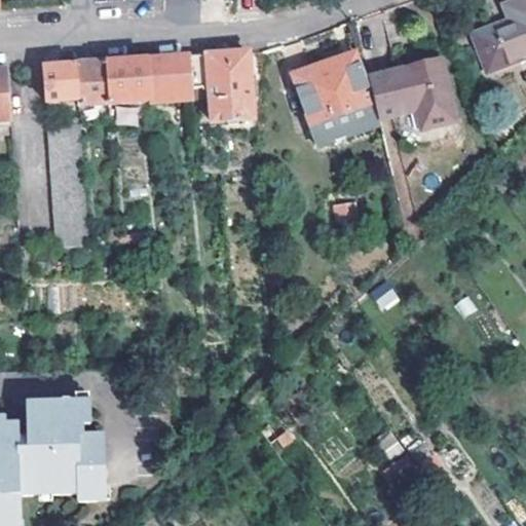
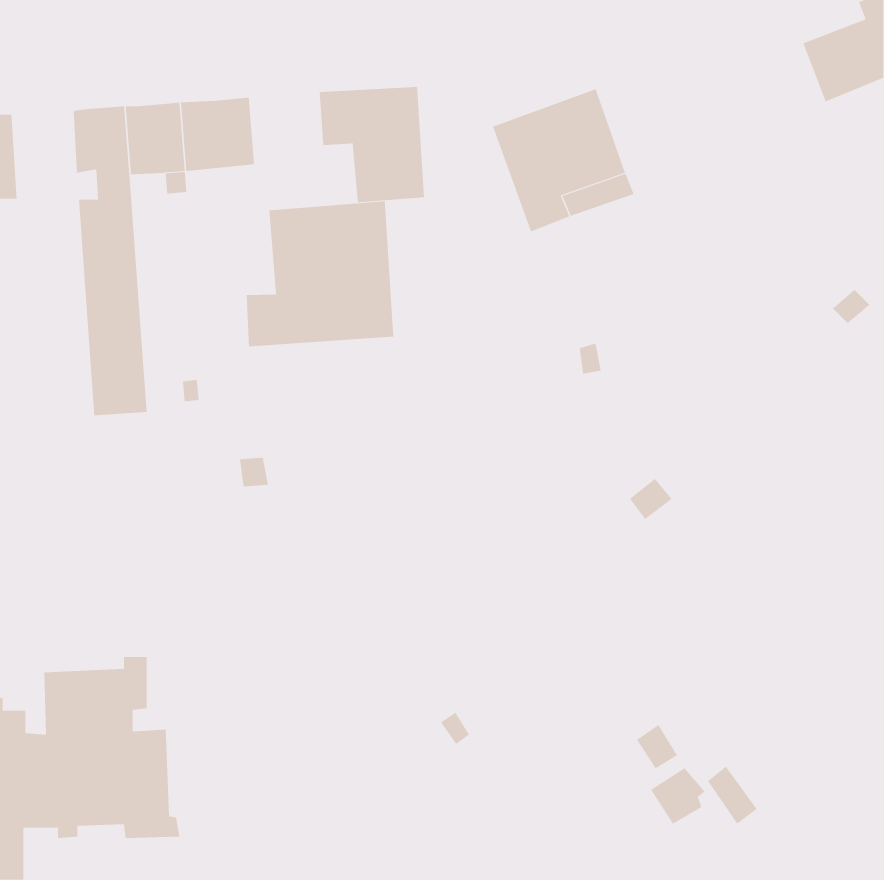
building: [148,54,192,102] -> none
building: [368,55,456,125] -> none
building: none -> [246,201,394,347]

